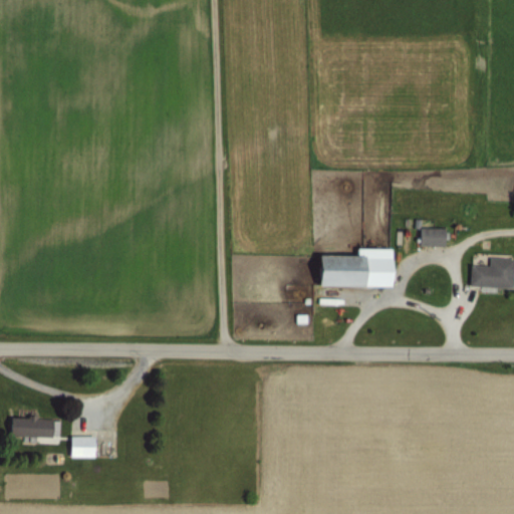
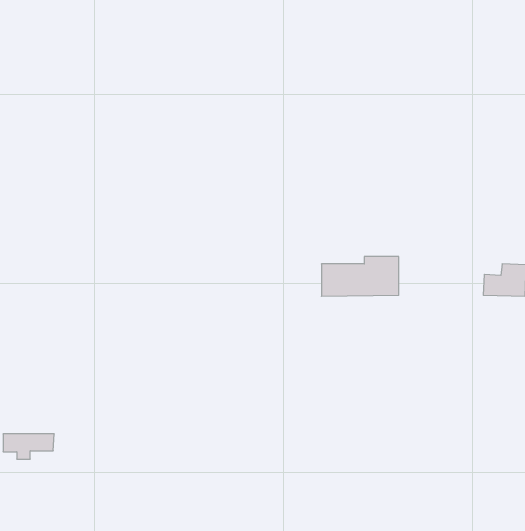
building: [423,226,448,246] -> none
building: [72,437,96,458] -> none

